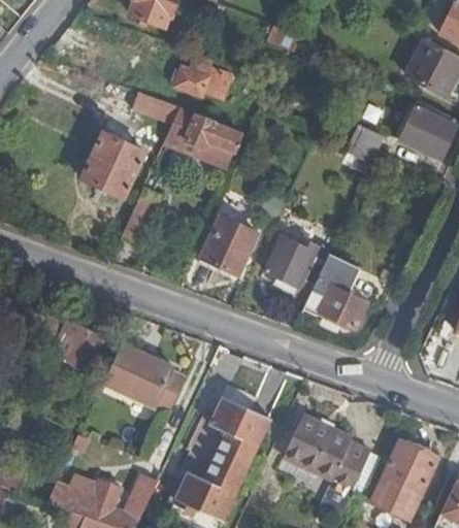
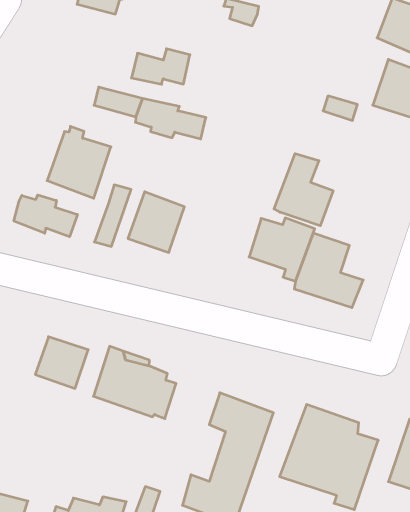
building: none -> [274,154,333,226]
building: none -> [14,195,77,237]
building: [200,213,257,273] -> [128,192,184,252]

